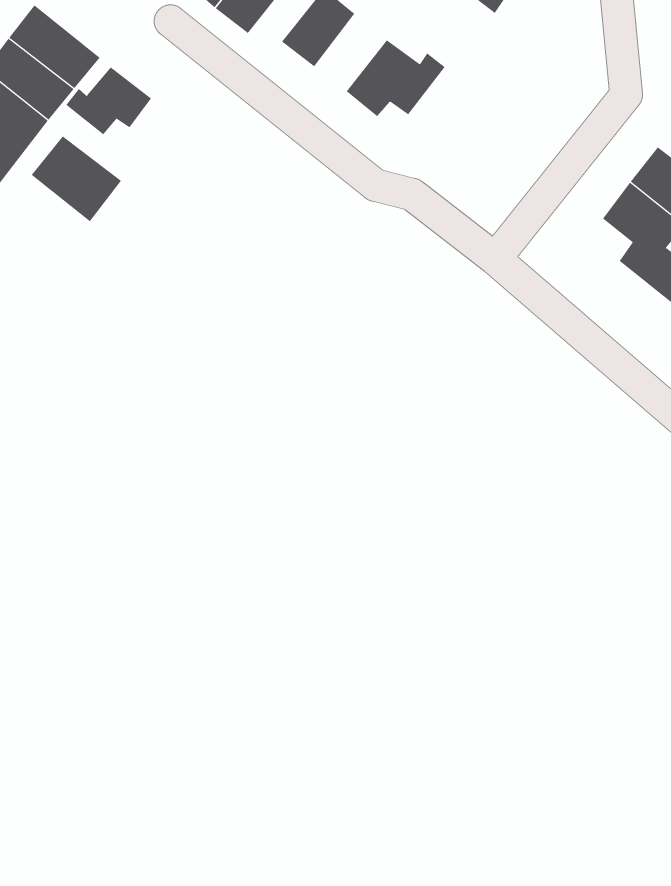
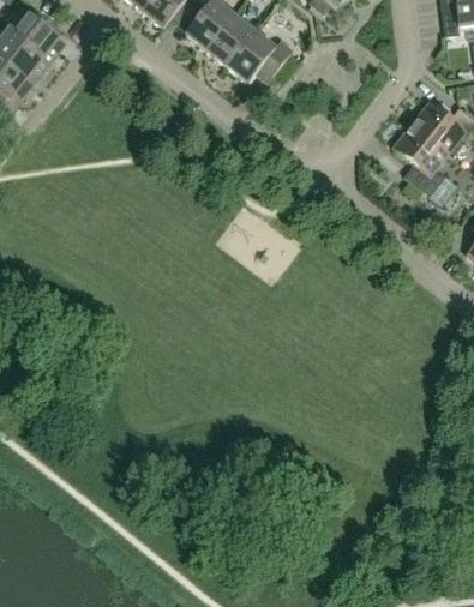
building: none -> [208,12,254,62]
building: [66,66,152,135] -> none
building: [31,135,122,222] -> none

